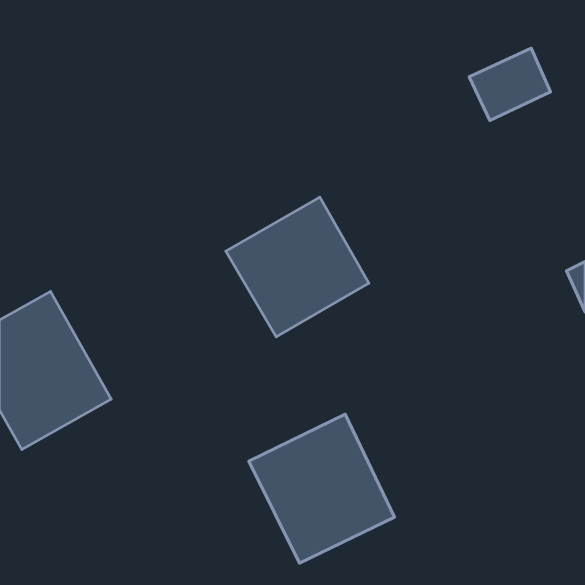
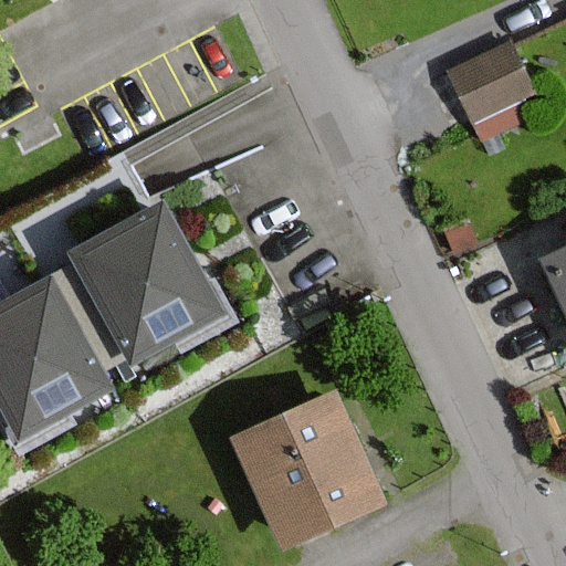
building: [226,197,369,337] -> none
building: none -> [75,209,221,361]

